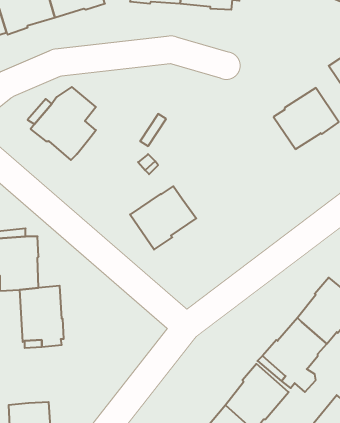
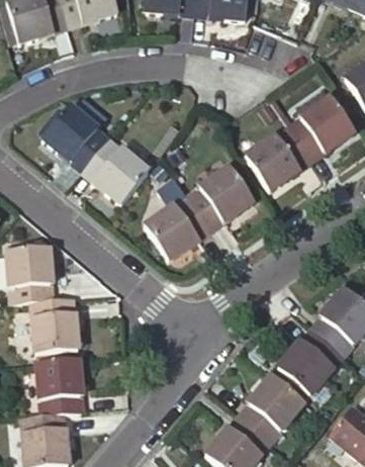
building: none -> [245,127,310,191]
building: none -> [84,141,150,206]
building: none -> [187,167,253,229]
building: none -> [36,360,81,415]

